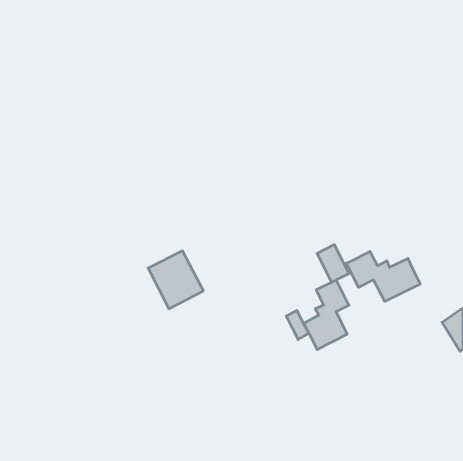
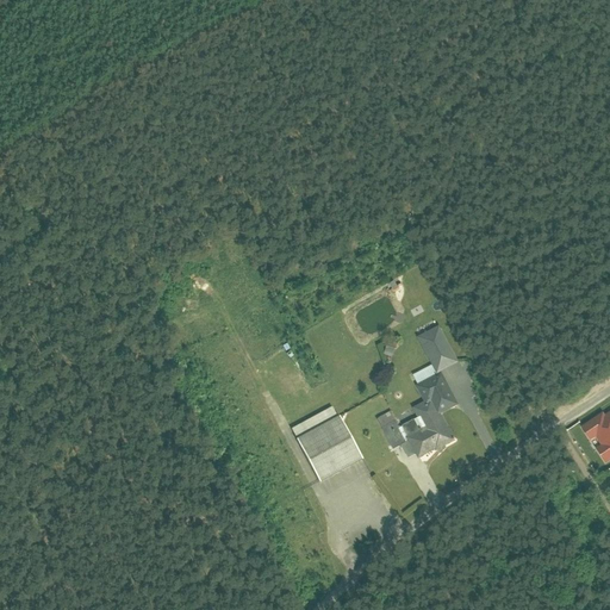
building: [148,251,203,309] -> [290,404,362,480]
building: [346,251,420,301] -> none

